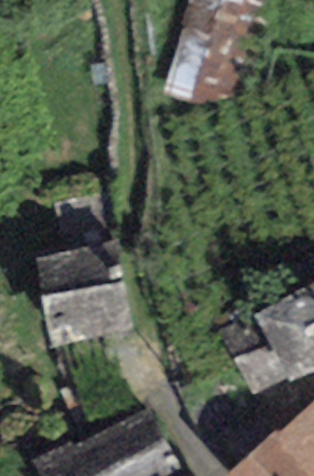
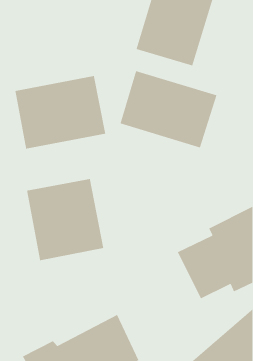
building: none -> [120,70,217,149]
building: none -> [15,75,106,150]

